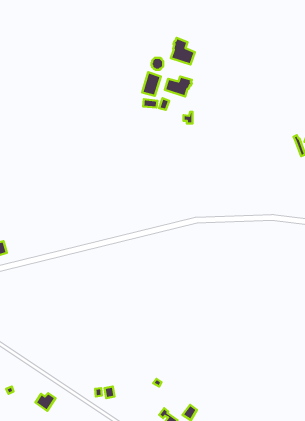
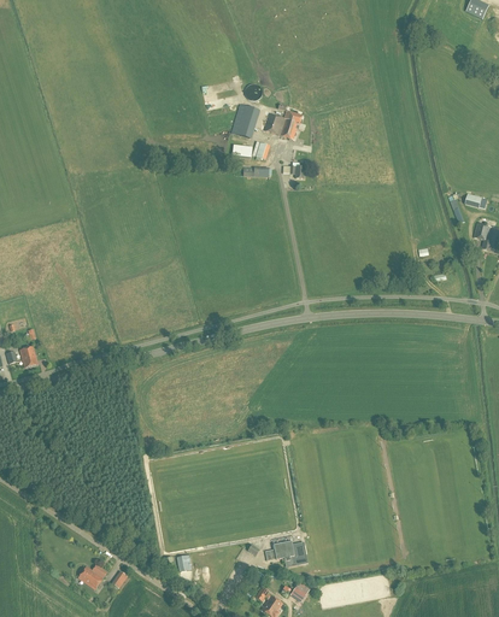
building: [171,38,195,65] -> none
building: none -> [265,540,304,566]

